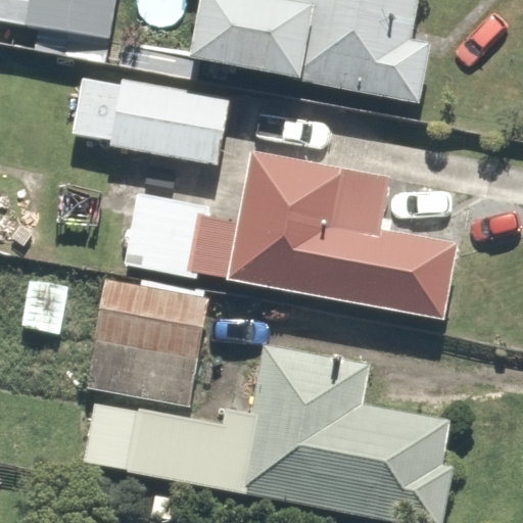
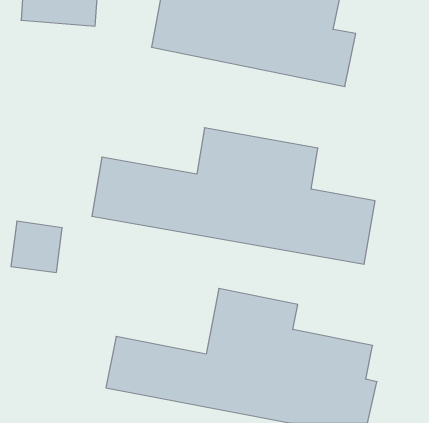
building: [73,70,230,159] -> none
building: [89,272,209,395] -> none

